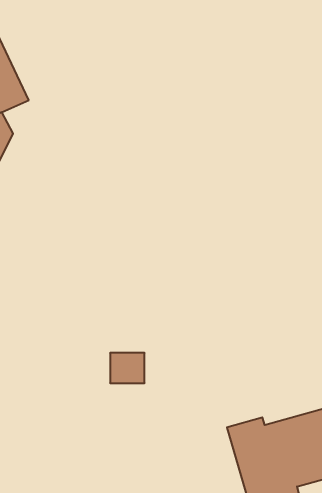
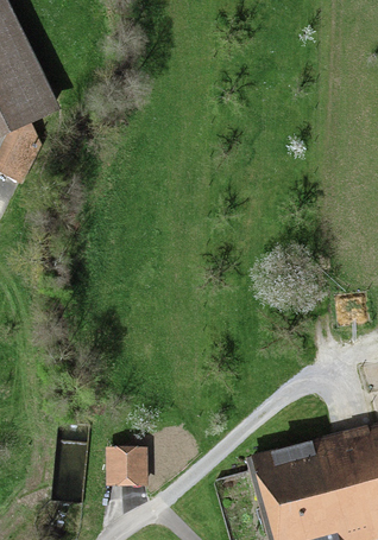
building: [110,353,145,383] -> [108,446,145,478]

